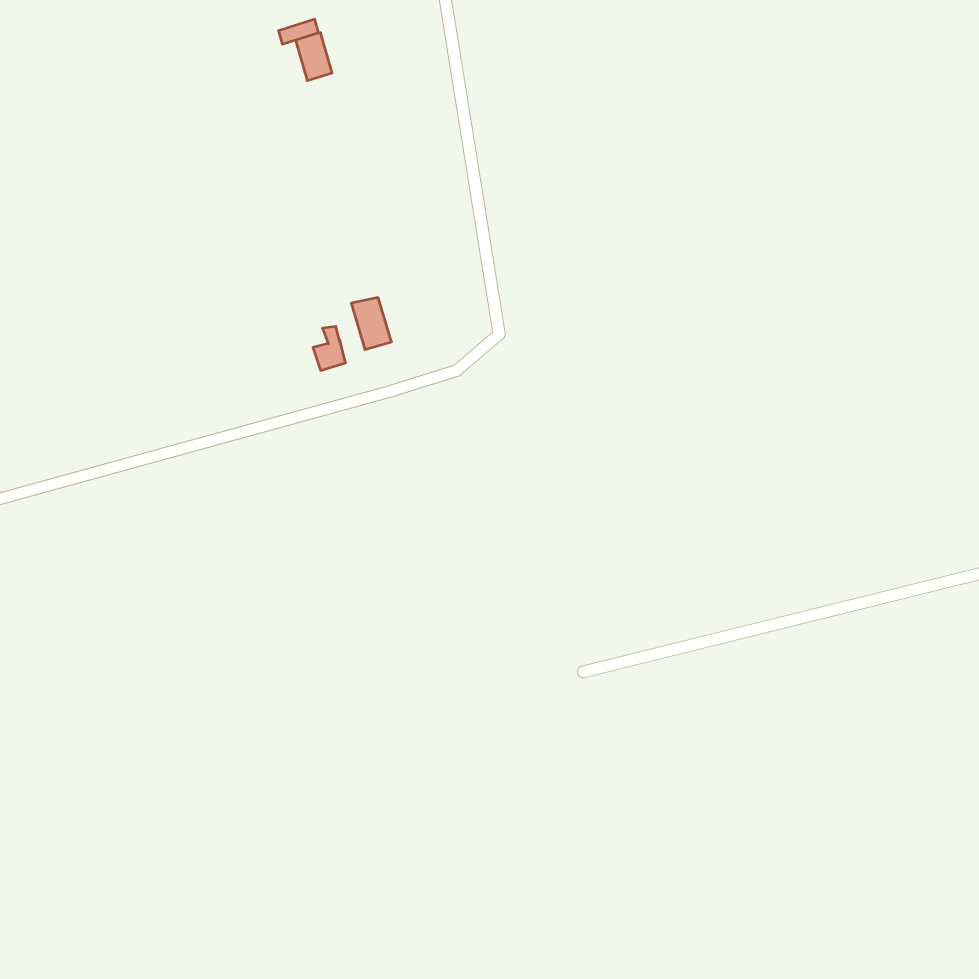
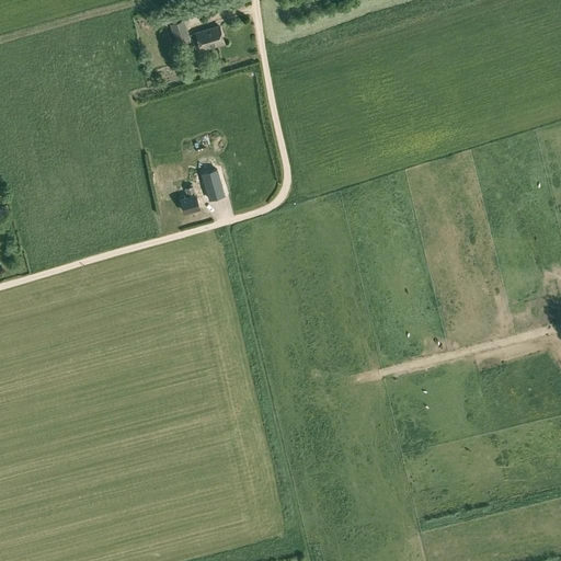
building: none -> [195,26,222,50]

